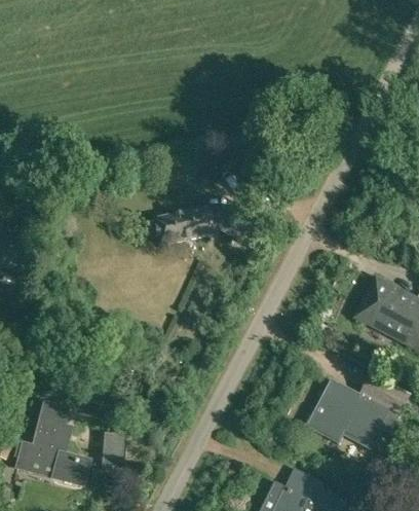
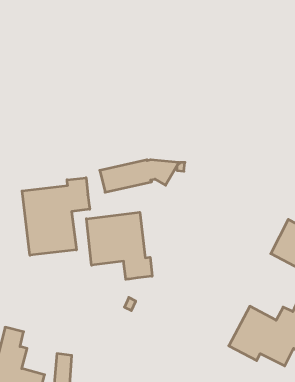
building: none -> [22,178,90,255]
building: none -> [86,212,152,279]

